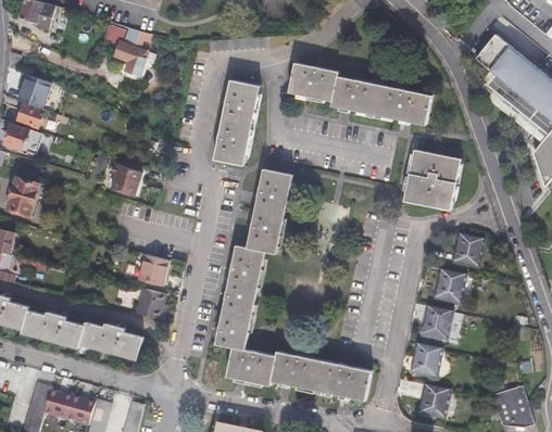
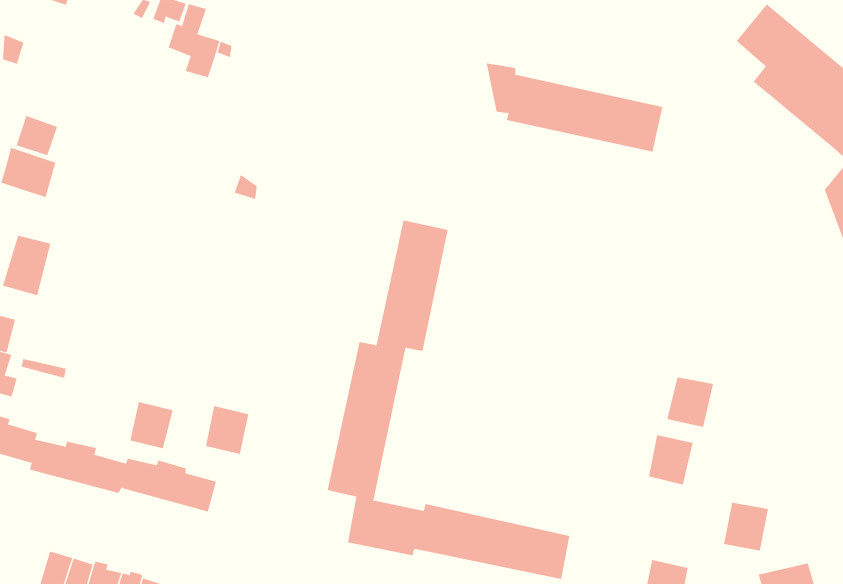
building: [287,62,321,99] -> none
building: [14,72,52,109] -> none
building: [212,78,259,163] -> none
building: [402,150,459,211] -> none
building: [112,162,142,196] -> none
building: [452,236,481,266] -> none
building: [139,256,167,287] -> [130,402,174,449]
building: [410,344,439,376] -> [723,502,769,551]

